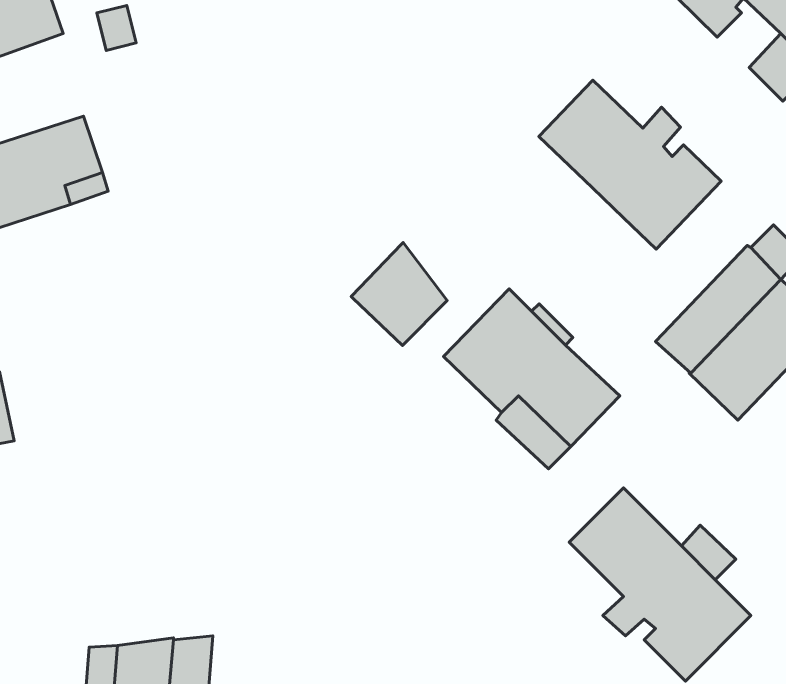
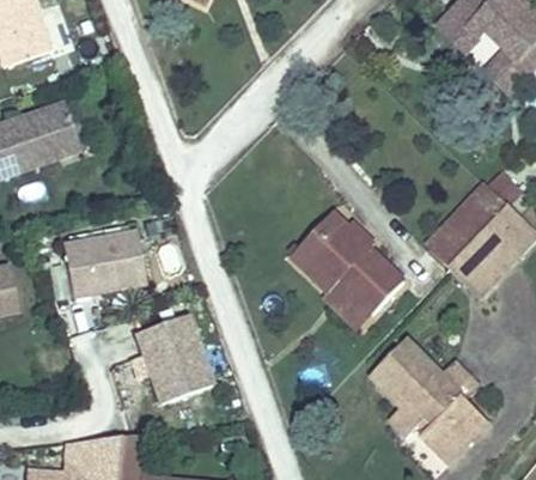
building: [539,80,721,249] -> none
building: [351,243,447,345] -> none
building: none -> [62,225,146,296]
building: none -> [132,310,218,403]

